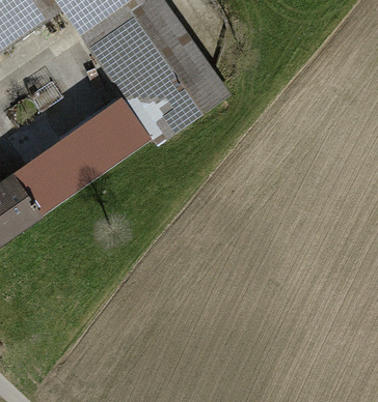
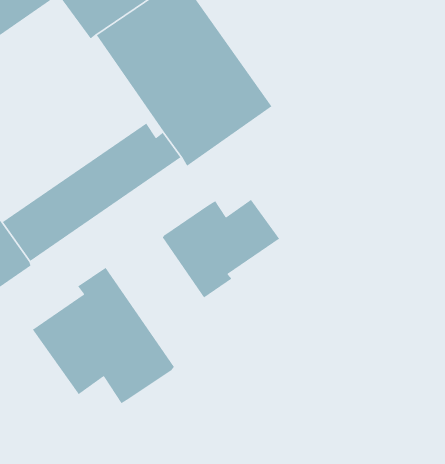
building: none -> [162,199,280,298]
building: none -> [32,267,175,404]

